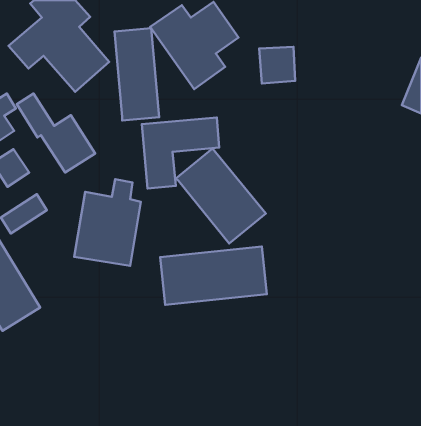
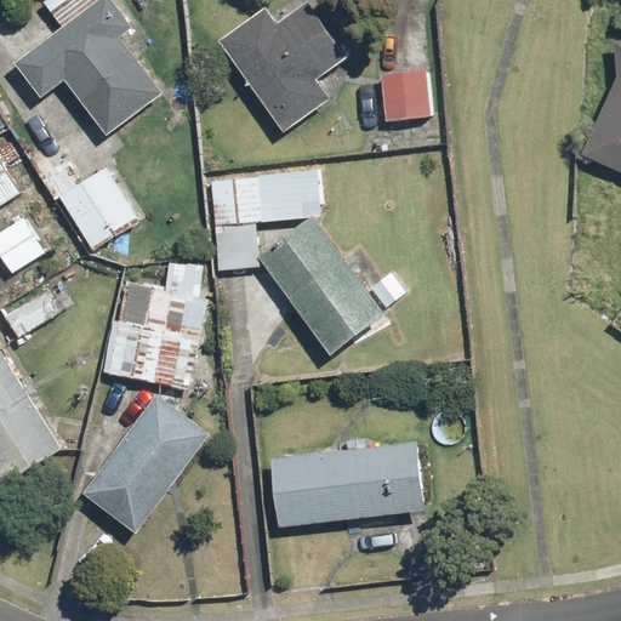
building: [114,28,159,121] -> none
building: [160,246,267,305] -> [270,441,426,526]
building: none -> [84,397,207,531]

